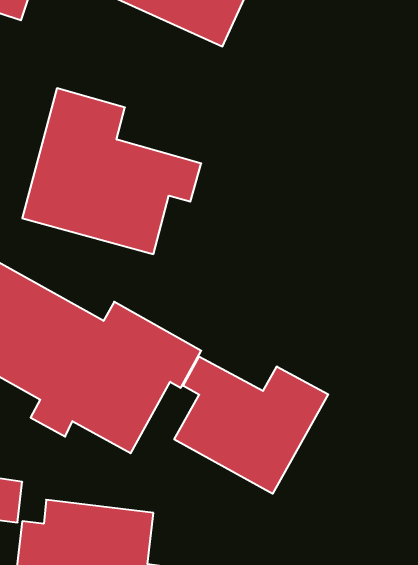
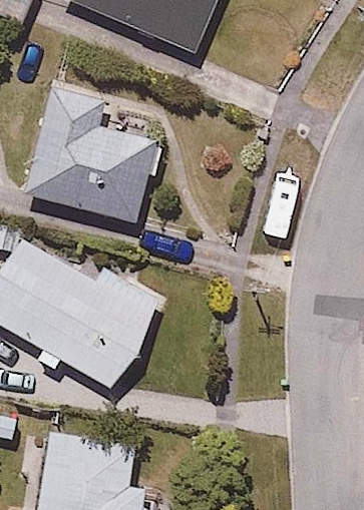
building: [174,356,328,494] -> none

